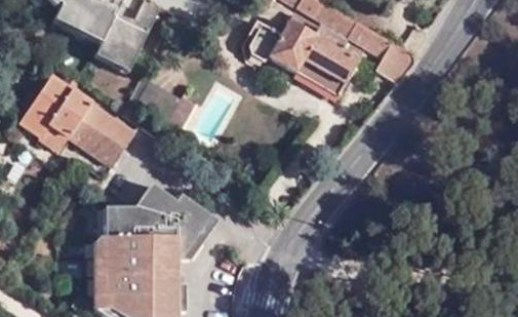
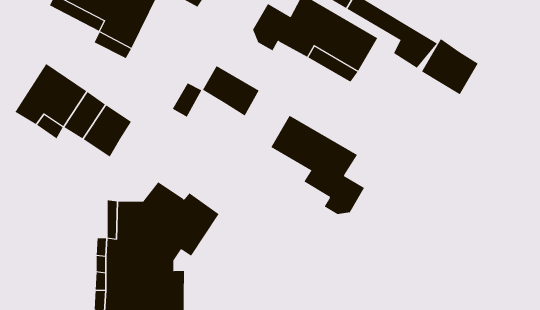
building: none -> [421,38,479,95]
building: none -> [202,65,259,117]
building: none -> [270,115,365,215]

